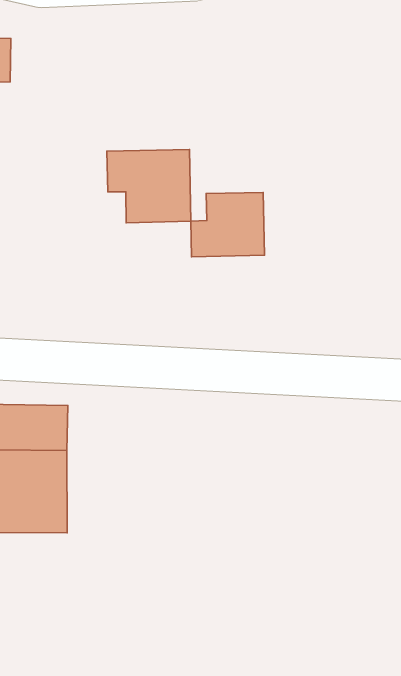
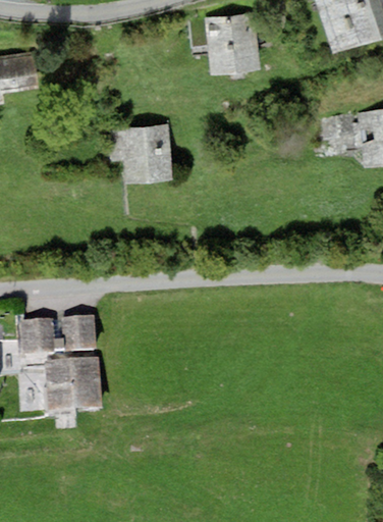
building: none -> [205,11,260,69]
building: [191,193,265,257] -> none

